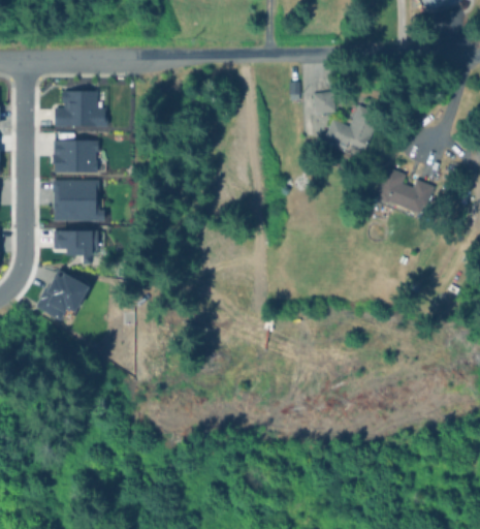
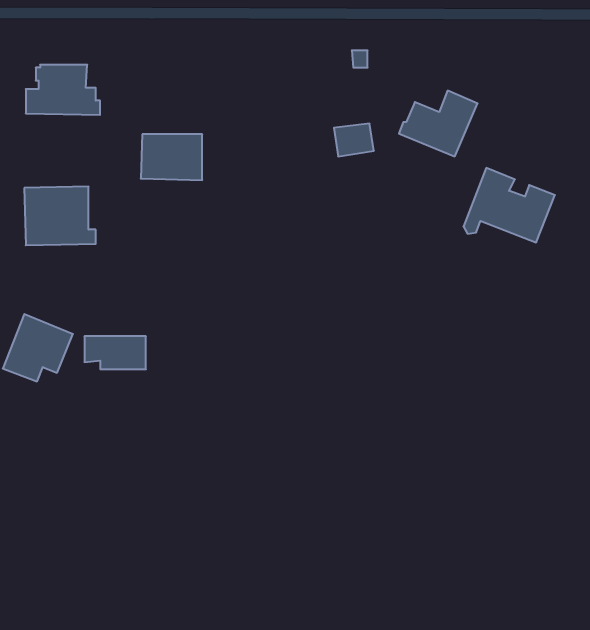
building: [313,89,342,113] -> [334,124,374,156]
building: [52,141,96,174] -> [141,134,202,180]
building: [53,230,97,254] -> [84,336,146,369]

